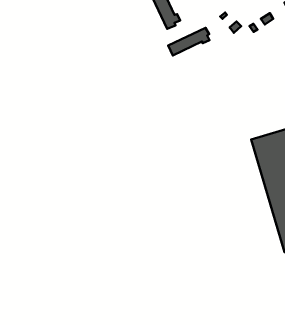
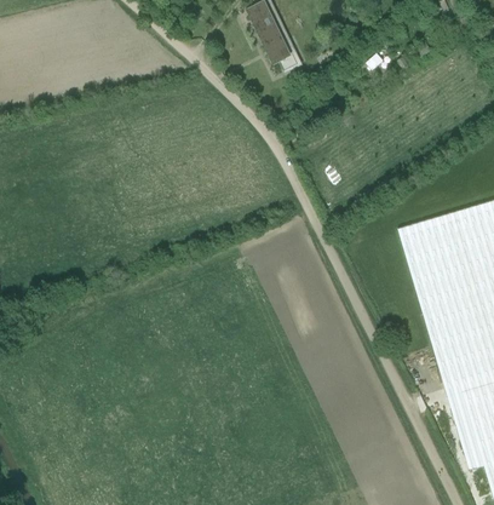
building: [168,28,210,55] -> none

